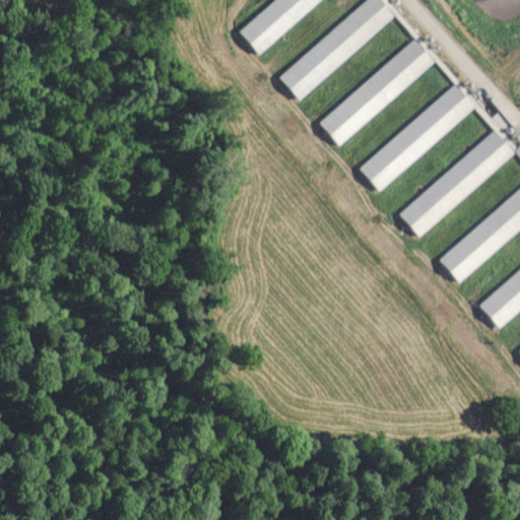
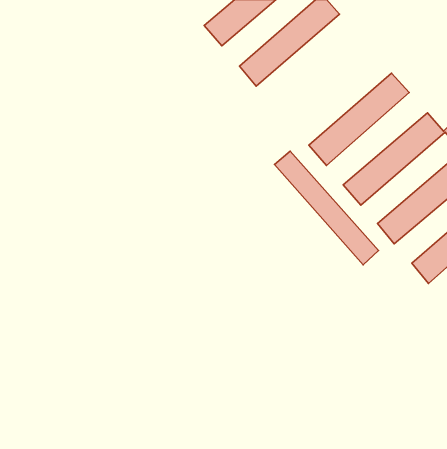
building: [319,39,436,145] -> none
building: none -> [274,151,379,265]

